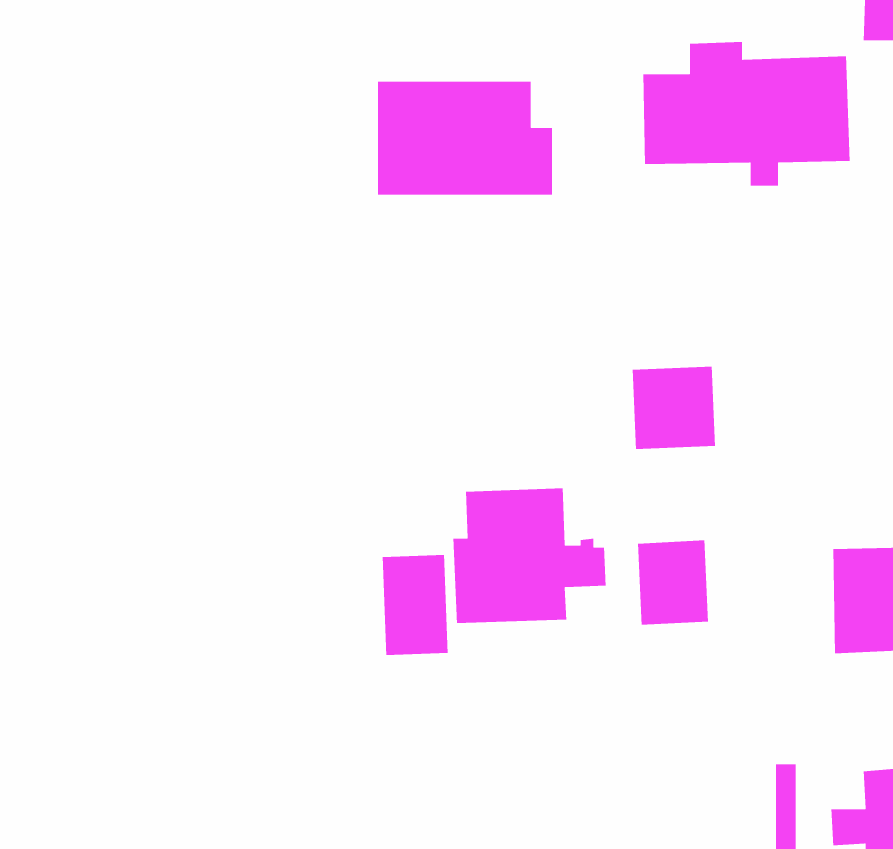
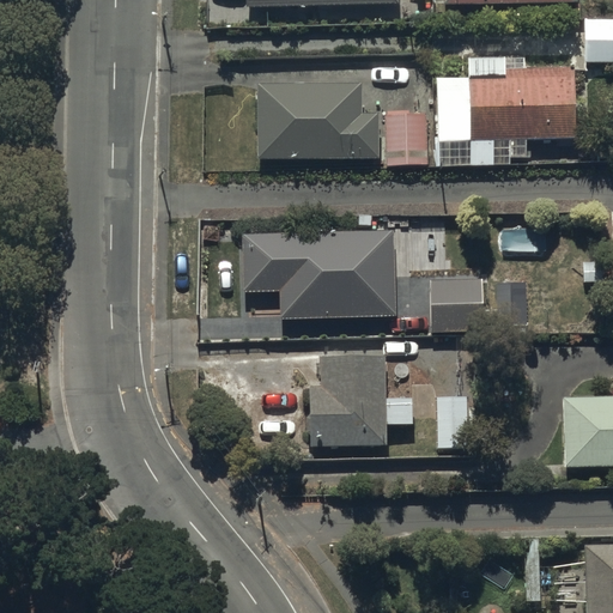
building: none -> [386,109,427,164]
building: none -> [243,231,396,317]
building: [382,554,448,656] -> none

